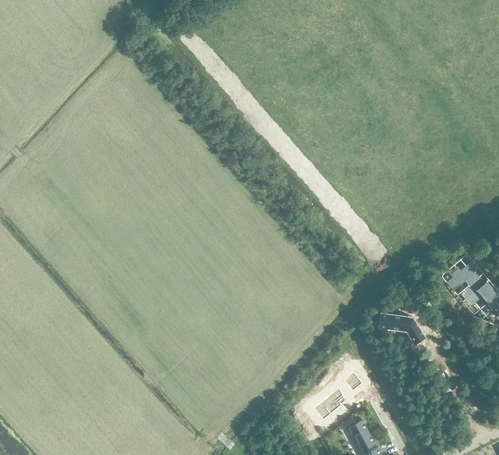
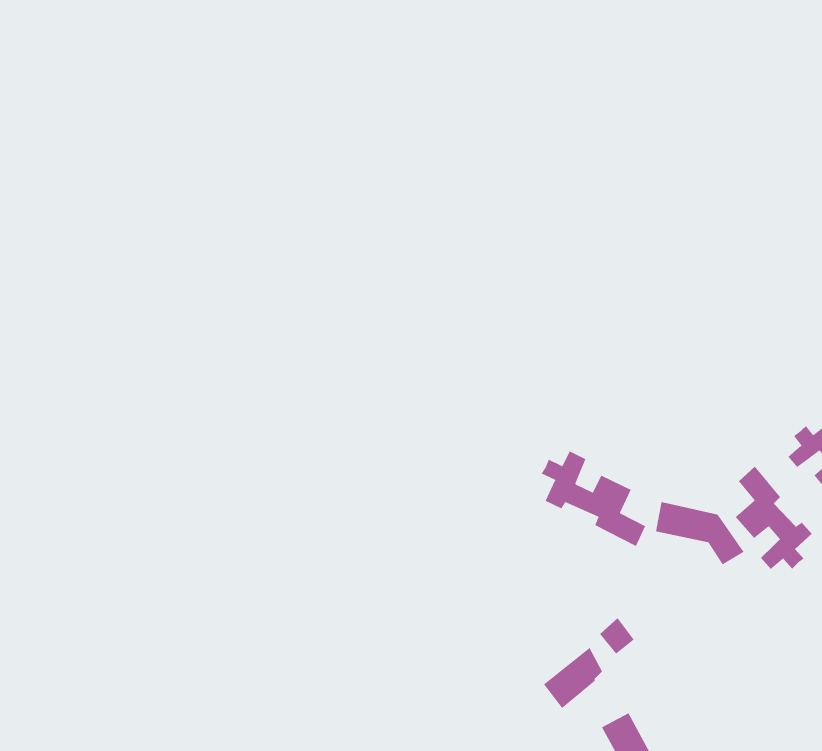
building: none -> [541,451,646,547]
building: none -> [735,466,812,570]

